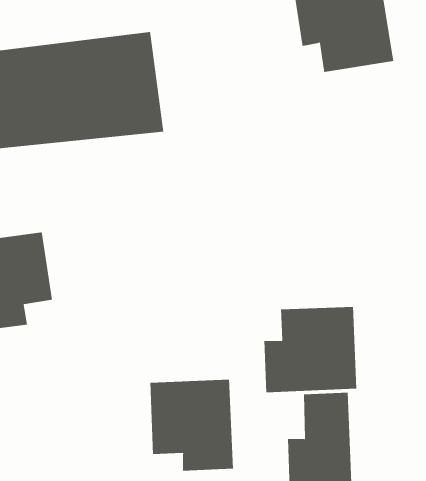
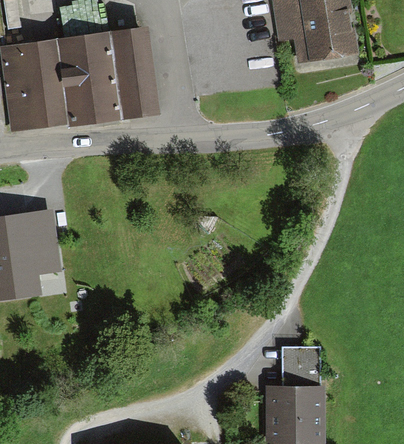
building: [264,306,357,393] -> none
building: [150,379,233,471] -> none

